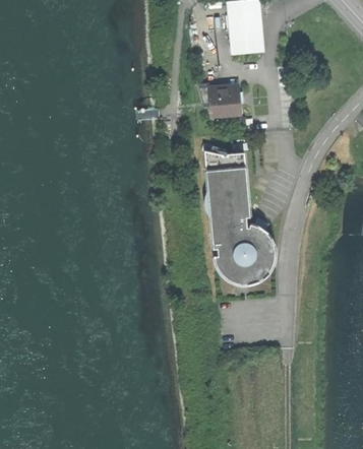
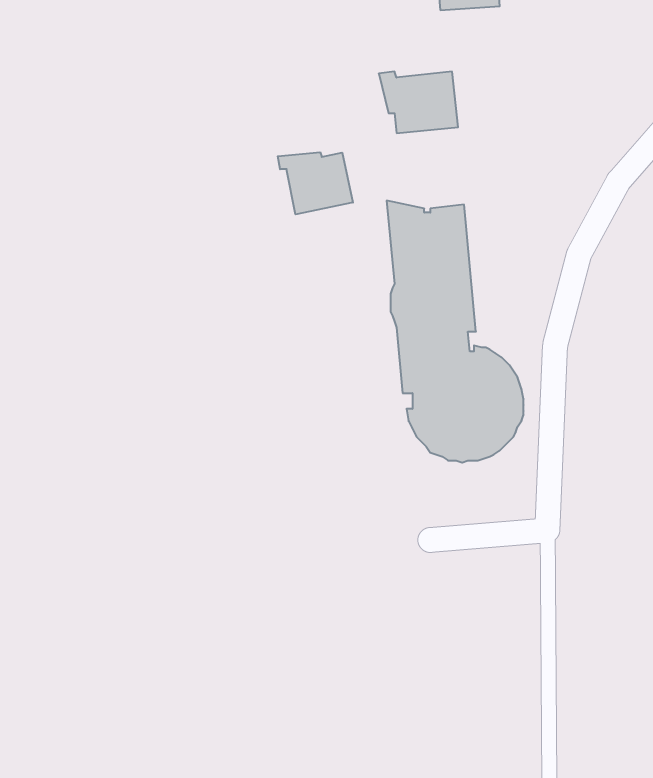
building: none -> [278,152,353,214]

